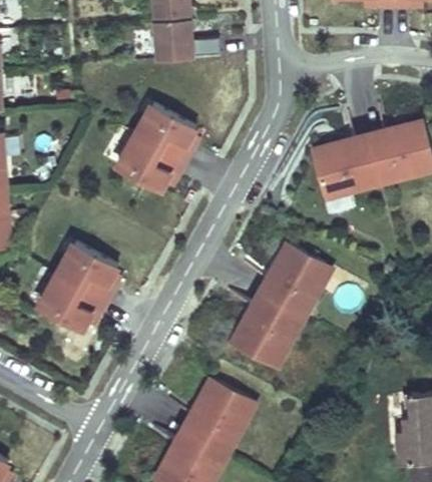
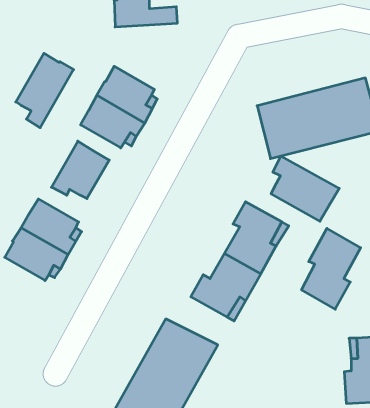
building: none -> [16,53,74,128]
building: none -> [51,141,109,199]
building: none -> [271,156,339,221]
building: none -> [302,228,361,309]

